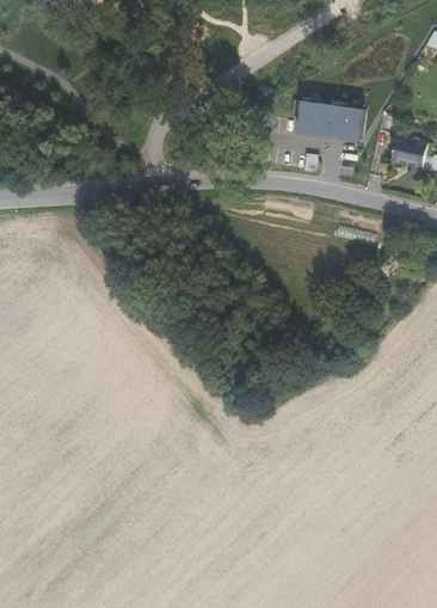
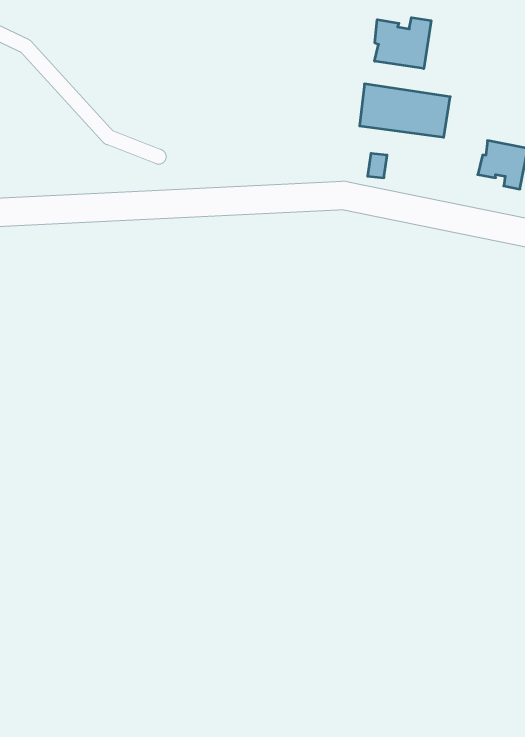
building: none -> [375,18,431,69]

